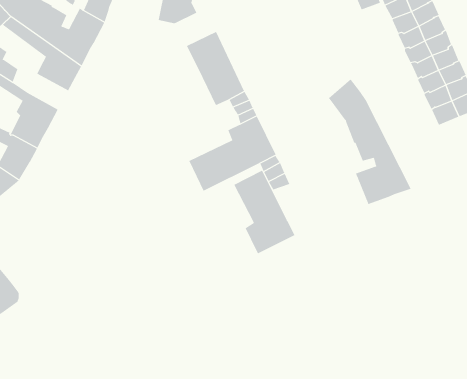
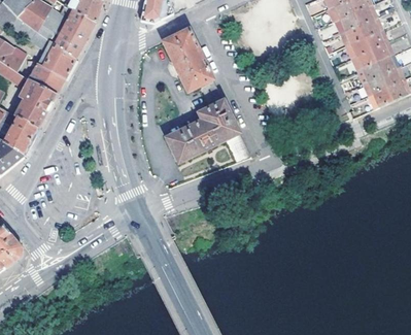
building: none -> [30,64,64,94]
building: [328,78,411,205] -> none
building: [234,170,295,254] -> none

